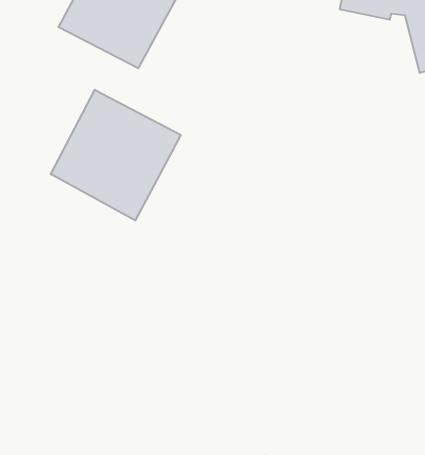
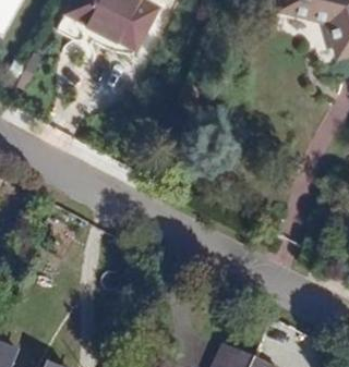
building: [51,90,181,220] -> none

